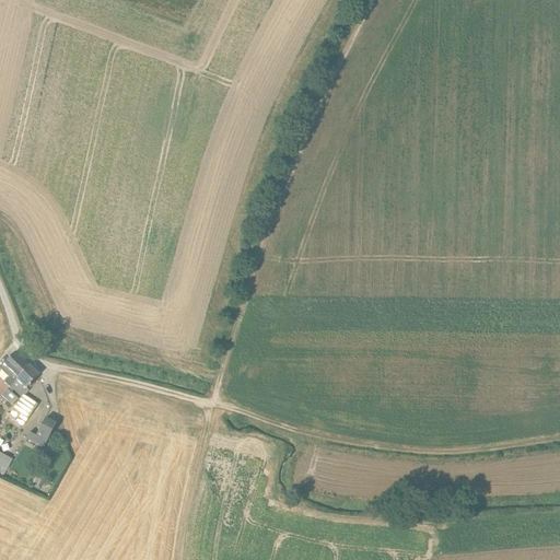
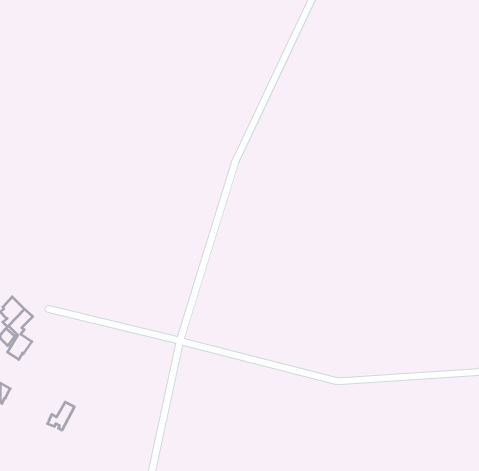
building: [24,412,56,445] -> [47,402,74,430]

